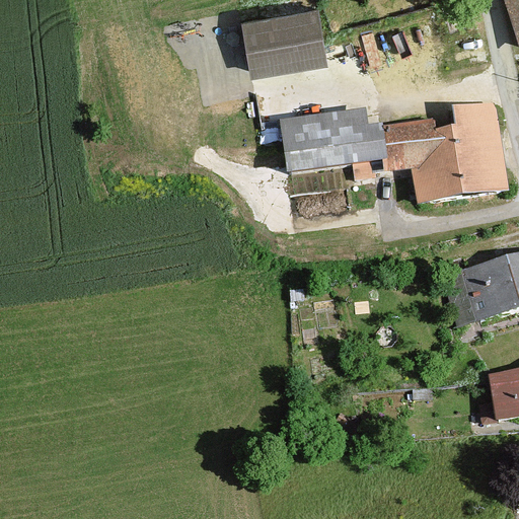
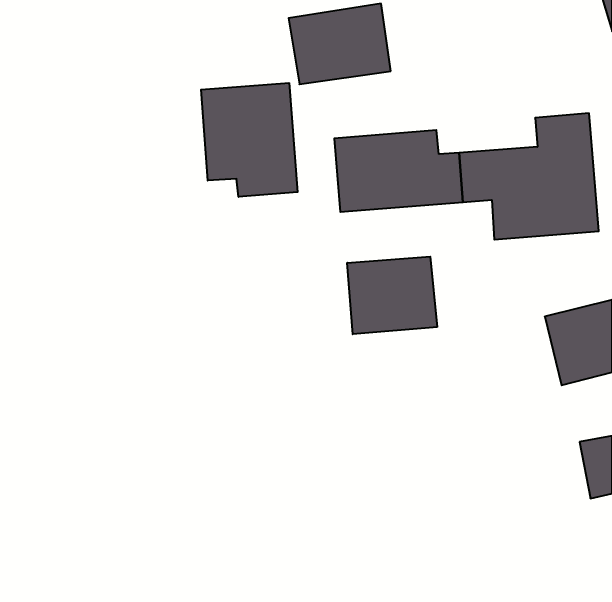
building: none -> [201,83,298,197]
building: none -> [347,257,437,334]

